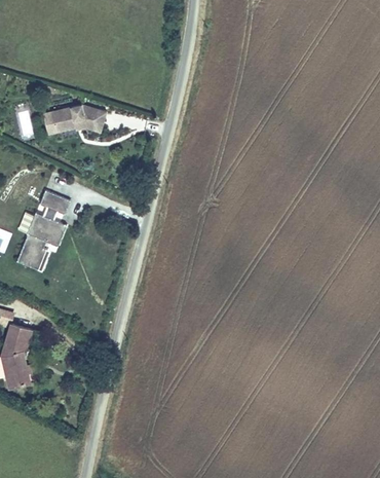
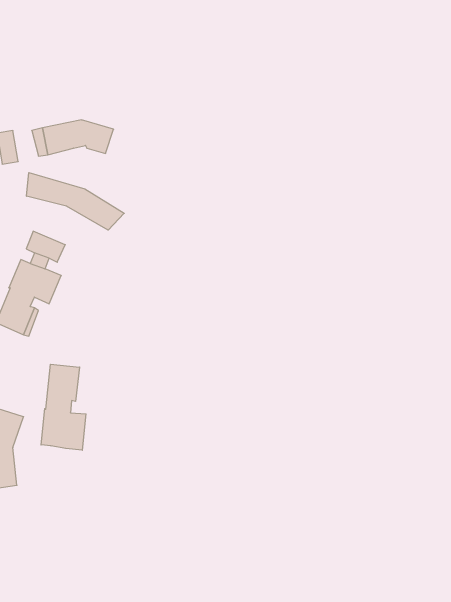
building: none -> [27,173,124,230]
building: none -> [41,364,86,450]

